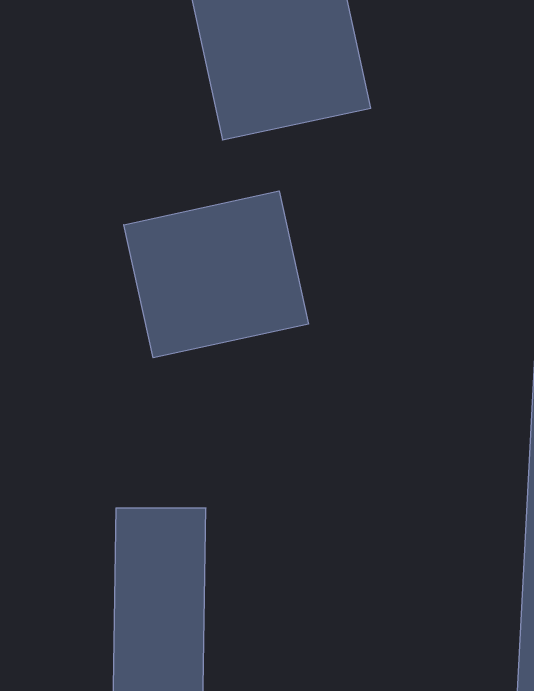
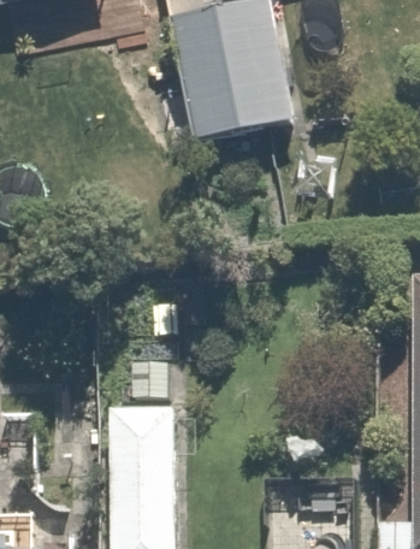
building: [124,191,308,358] -> none

